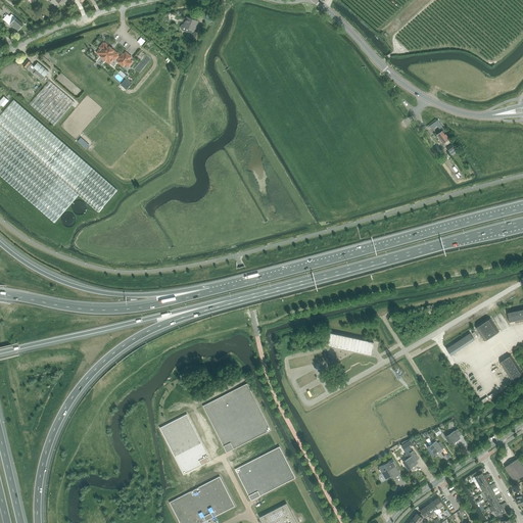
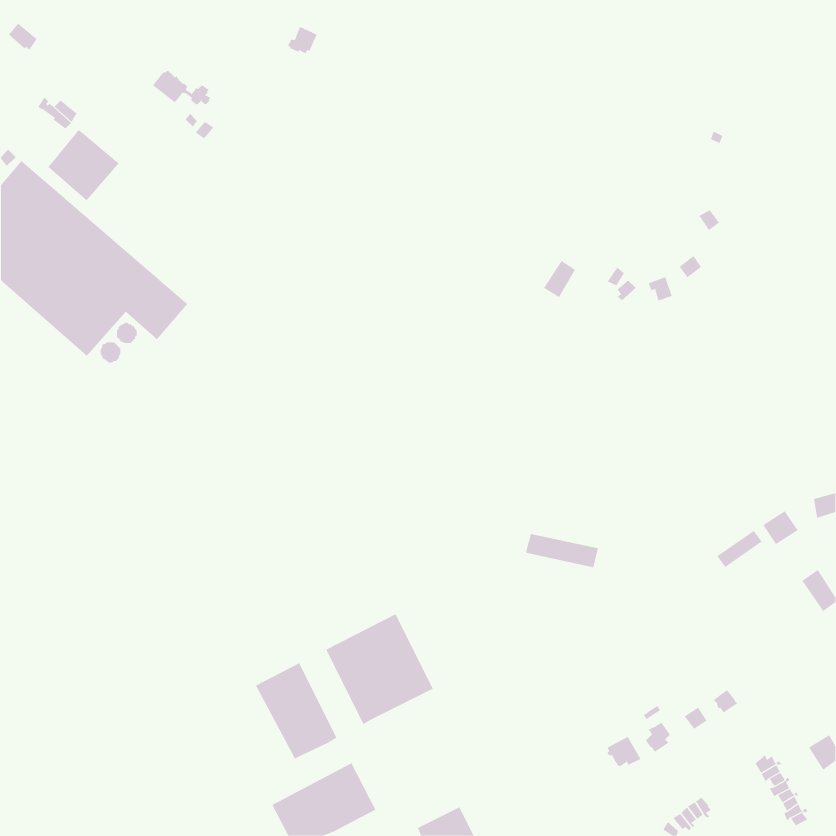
building: [235,446,295,501] -> none

